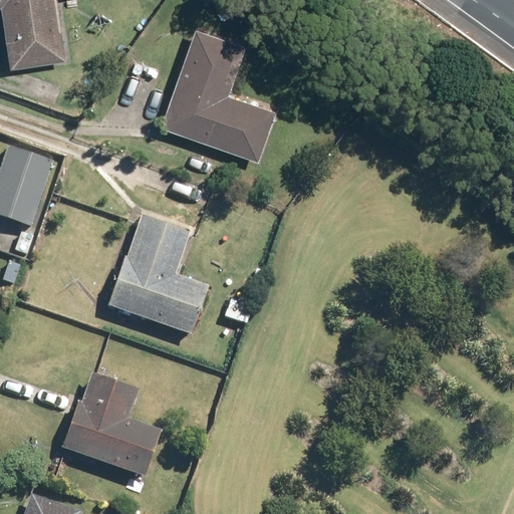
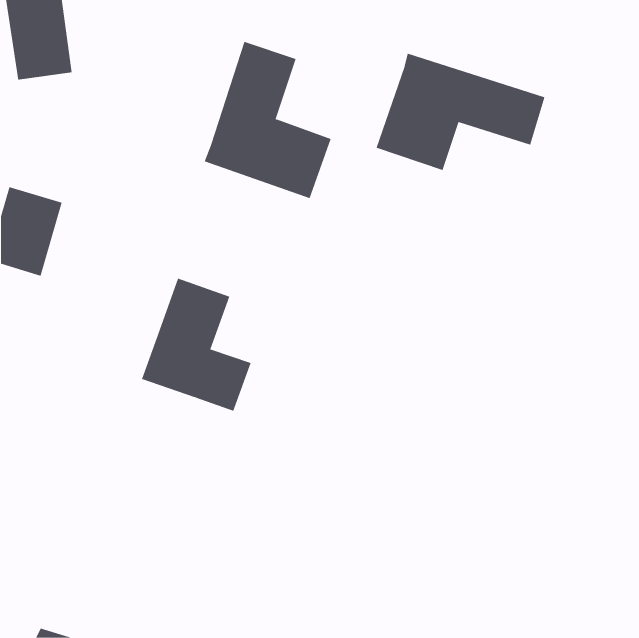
building: none -> [376,53,545,171]
building: [67,379,160,474] -> none

